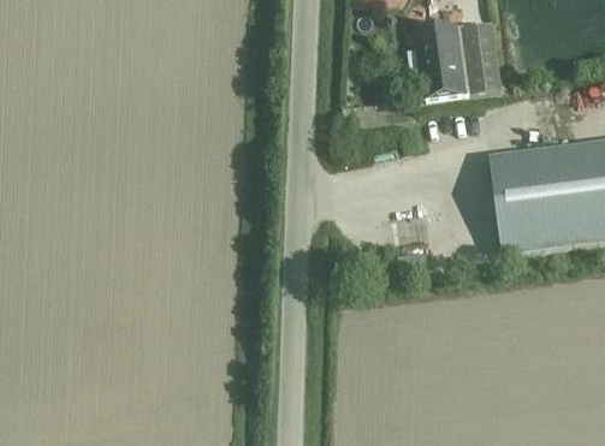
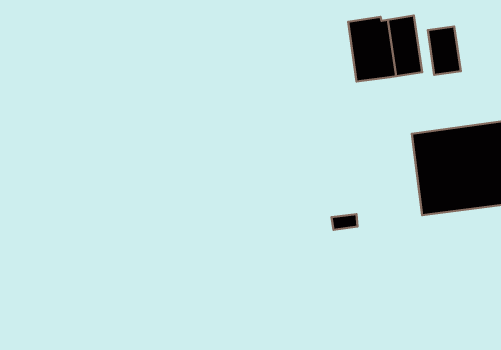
building: none -> [428,26,461,75]

